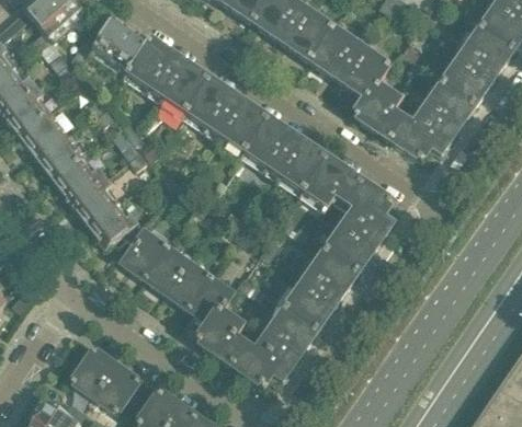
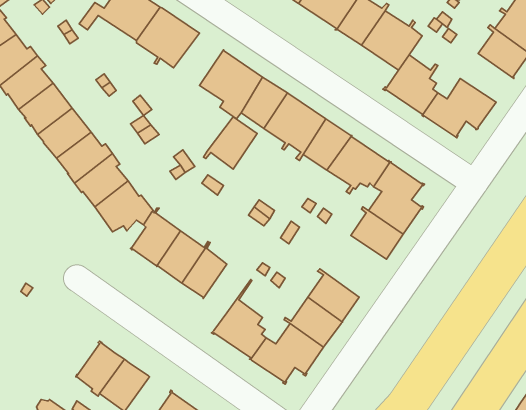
building: [157,64,206,112] -> [204,117,257,169]
building: [422,82,474,127] -> none
building: [299,250,356,307] -> none
building: [188,276,234,321] -> none

